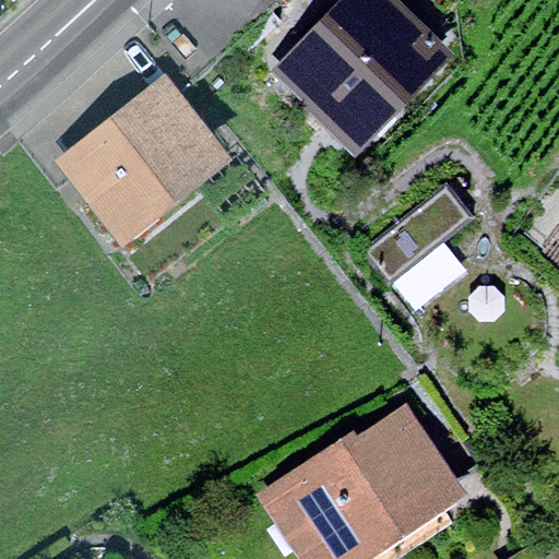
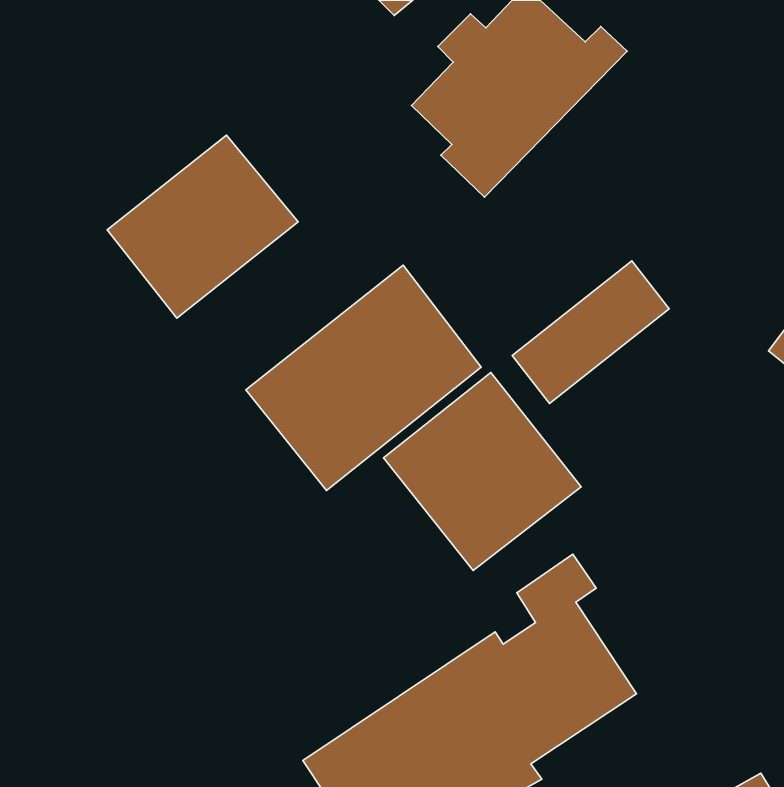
building: none -> [246,265,481,490]
building: none -> [384,373,581,570]

